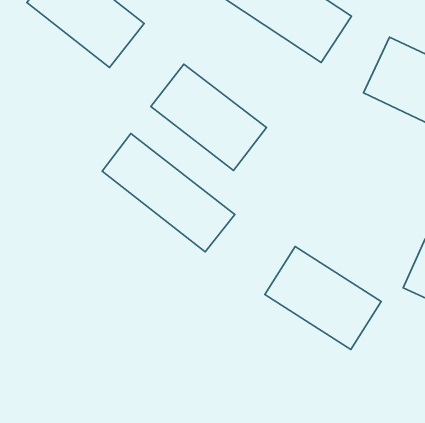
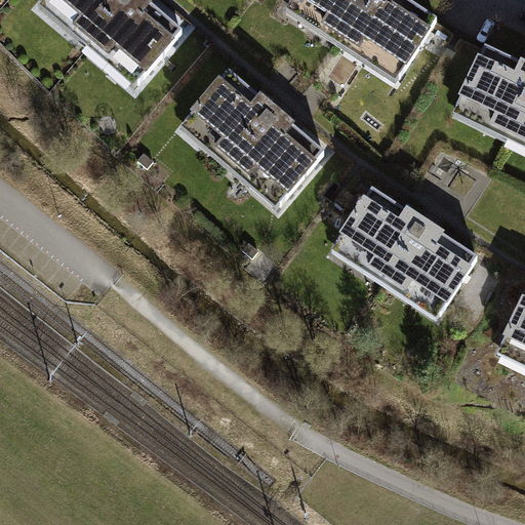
building: [102,134,235,252] -> none
building: [265,246,381,349] -> [331,188,473,313]

